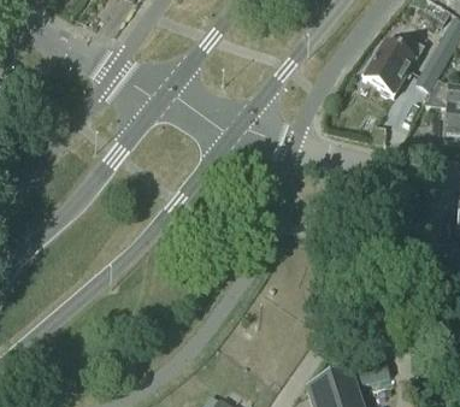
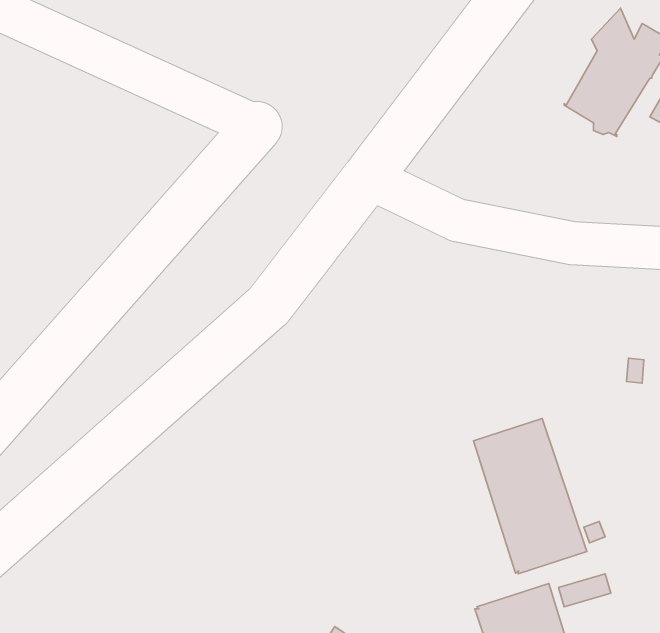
building: none -> [474,419,587,574]

